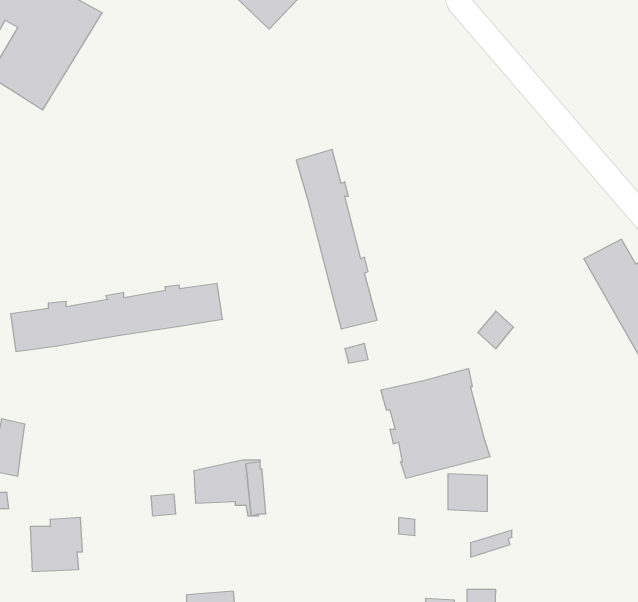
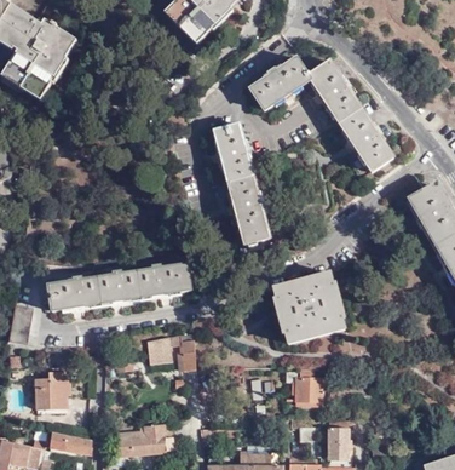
building: none -> [248,58,393,173]
building: [10,283,223,352] -> [47,265,190,311]
building: [448,474,487,511] -> [296,378,323,403]

